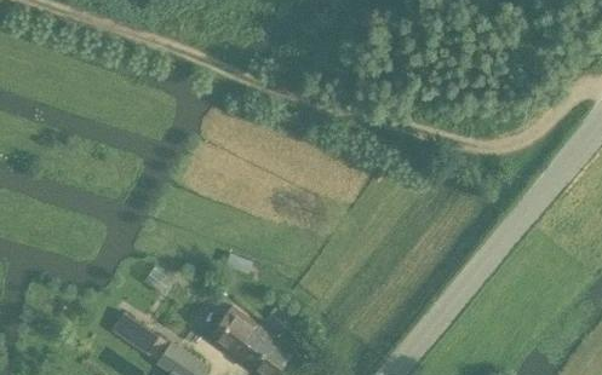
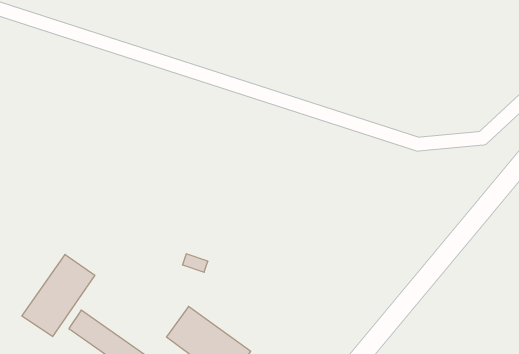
building: none -> [22,254,95,337]

